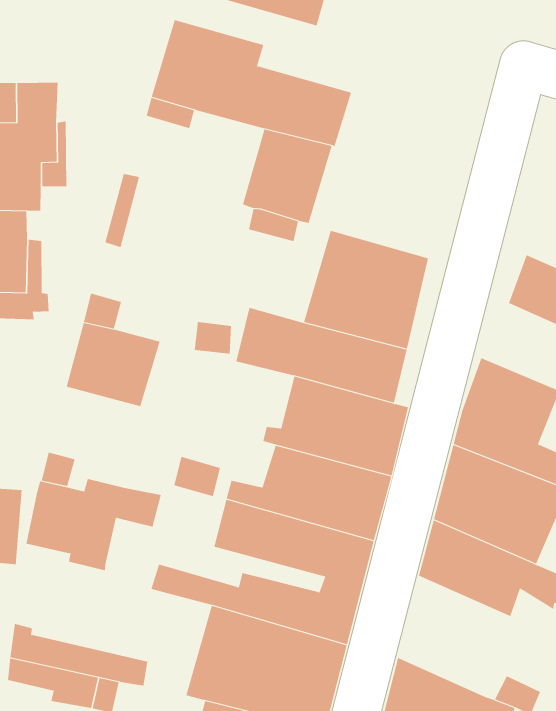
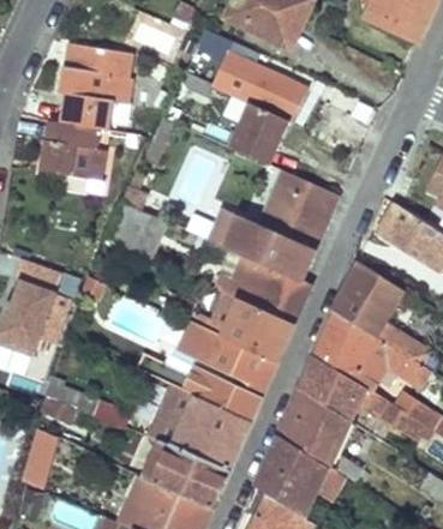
building: [26,478,161,571] -> none
building: none -> [279,386,351,465]

